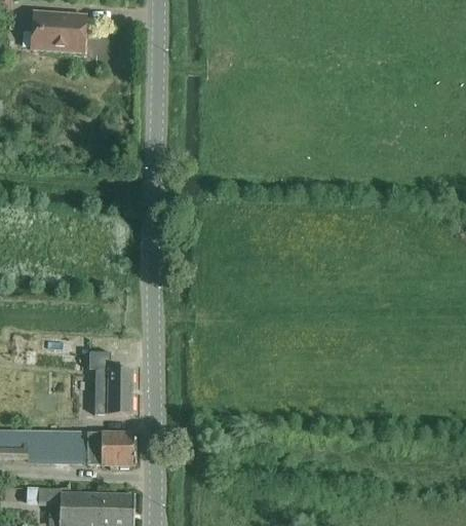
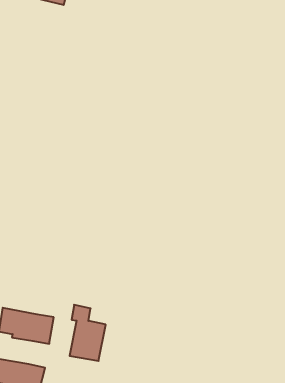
building: [89,350,131,413] -> [70,305,106,361]

